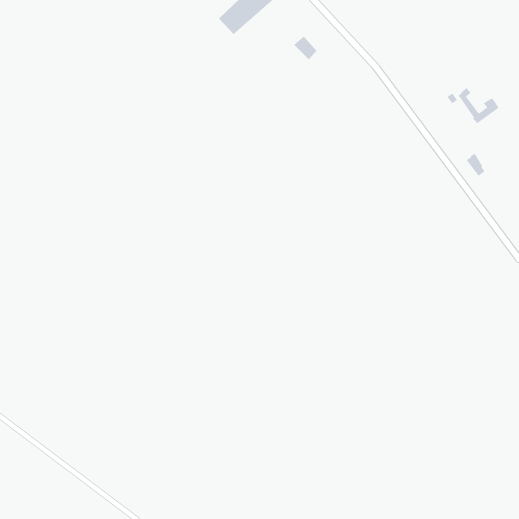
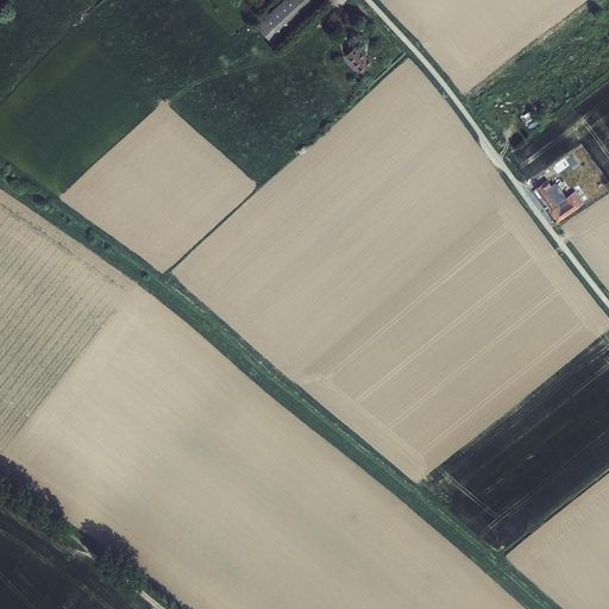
building: [458,87,500,124] -> [533,176,582,219]

